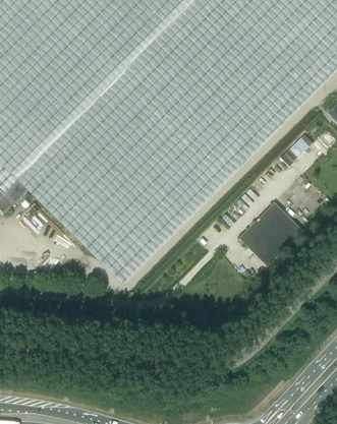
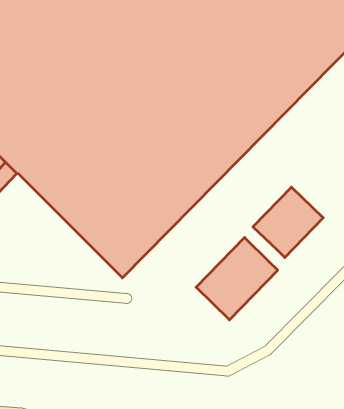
building: none -> [196,237,278,320]

